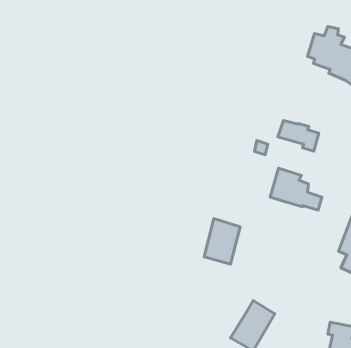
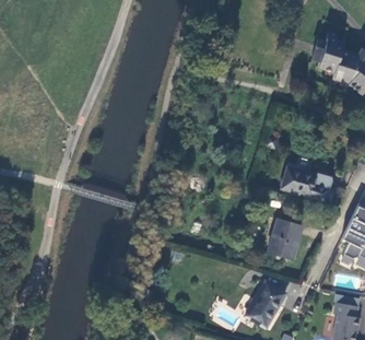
building: [278,120,319,151] -> none
building: [204,218,240,264] -> [269,218,302,259]

